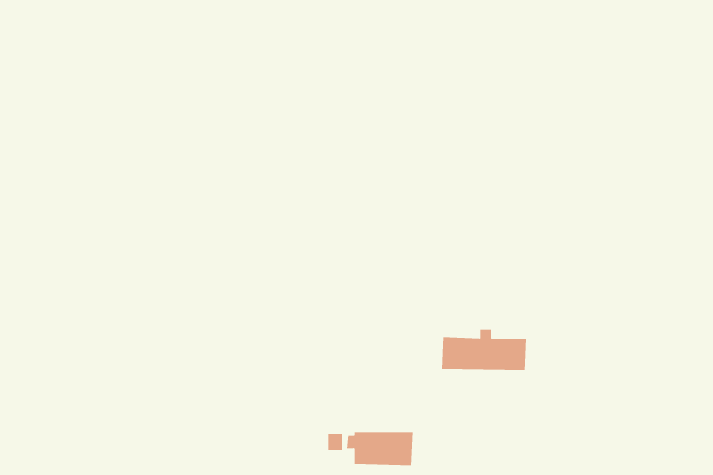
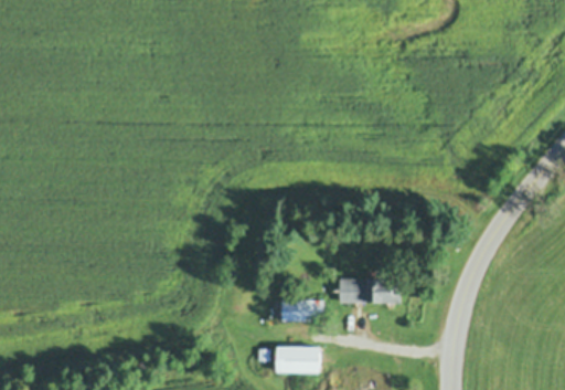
building: none -> [280,298,322,318]

